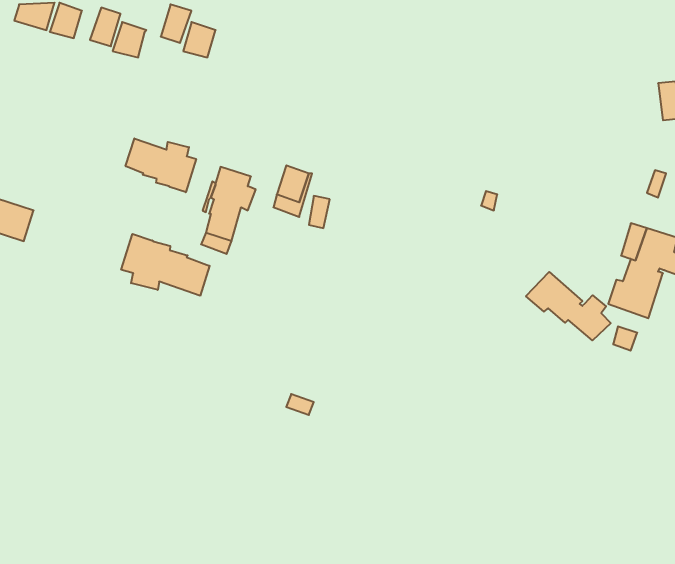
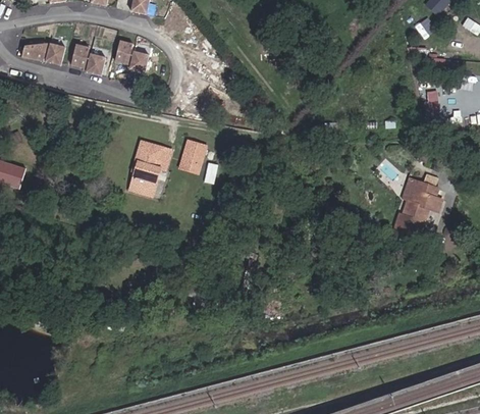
building: [126,138,196,192] -> none
building: [121,234,210,296] -> none
building: [526,272,611,340] -> none

